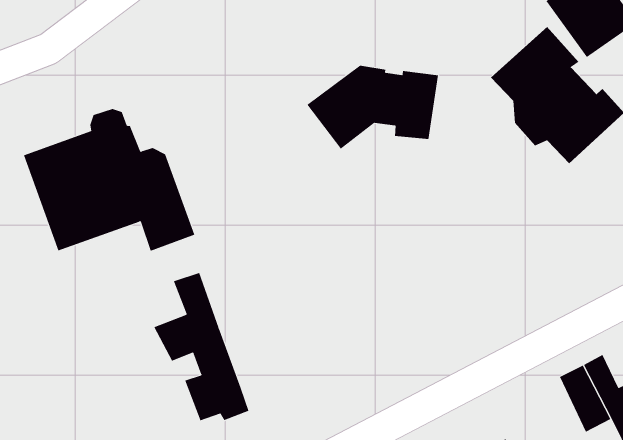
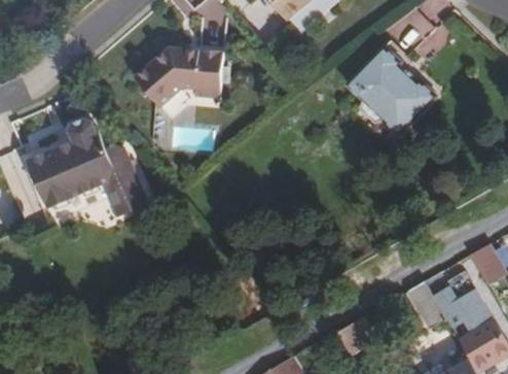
building: [306,65,439,149] -> [132,44,223,104]
building: [154,272,249,421] -> none

